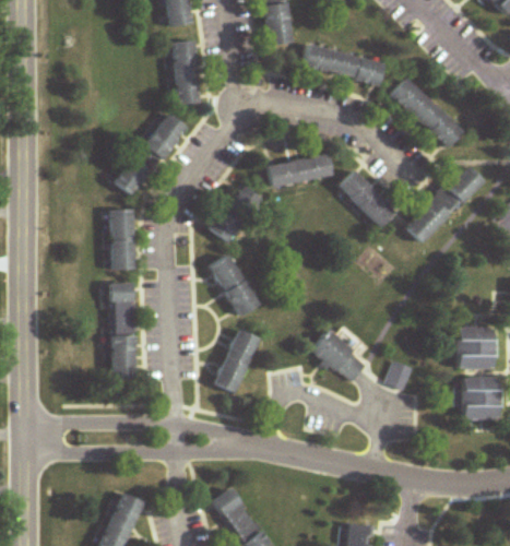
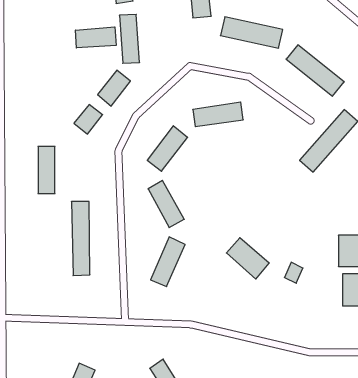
building: none -> [76,27,116,48]
building: [340,170,396,227] -> none
building: [111,209,133,270] -> [38,146,55,194]

